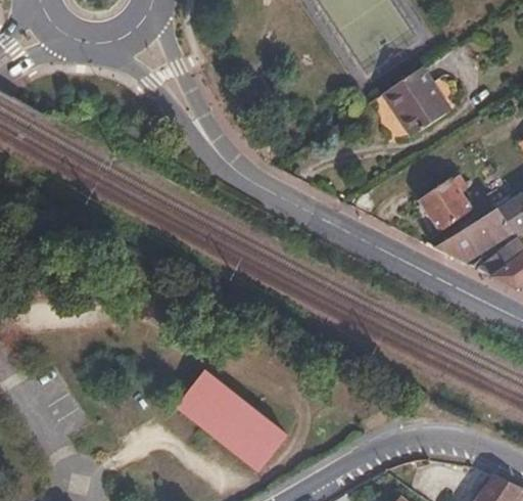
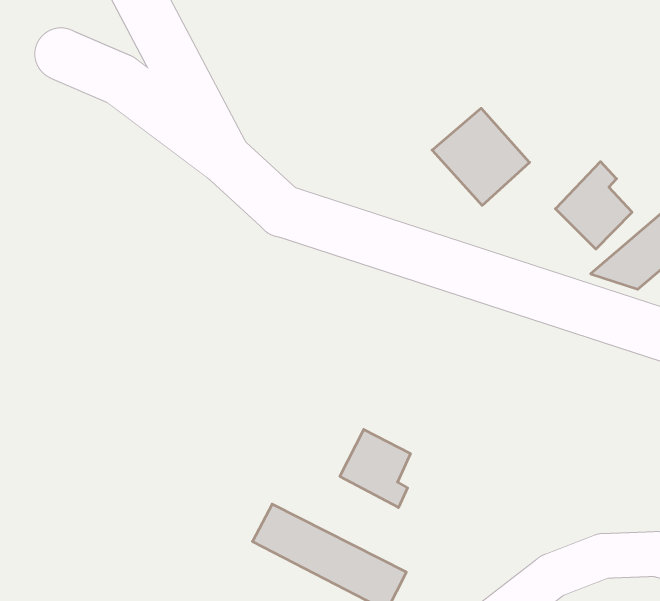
building: [377,66,442,133] -> [432,108,530,205]
building: none -> [340,429,410,508]

